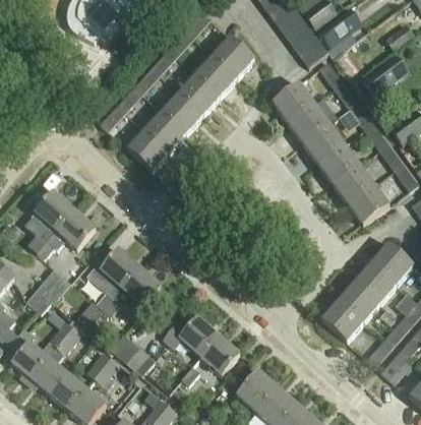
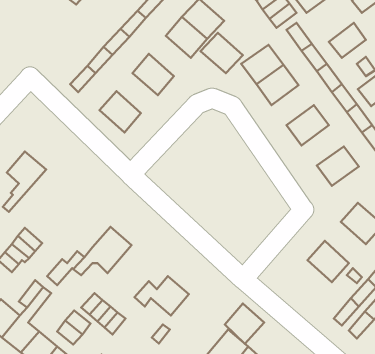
building: [178,73,221,114] -> [201,33,243,73]
building: [145,111,187,151] -> none
building: [302,123,345,164] -> none
building: [333,164,375,204] -> none
building: [37,208,95,258] -> none
building: [101,248,139,287] -> none
building: [356,261,398,303] -> none
building: [321,300,363,342] -> none
building: [200,335,240,375] -> [225,304,264,344]

